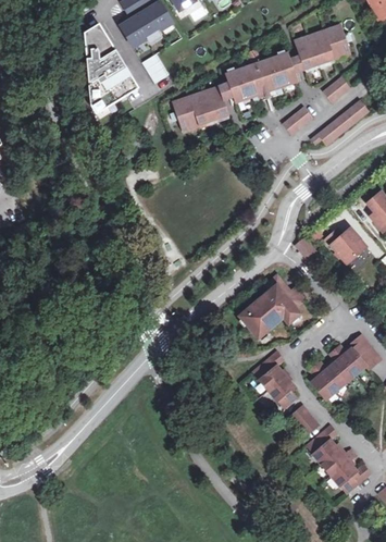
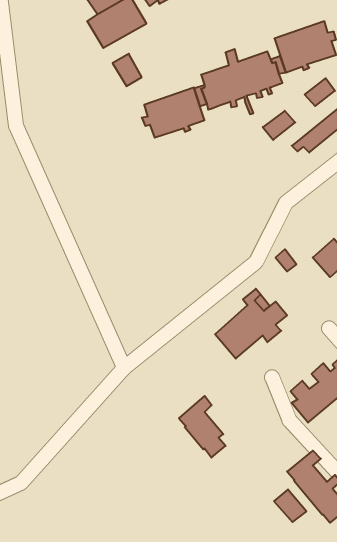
building: [85,24,140,115] -> none
building: [252,349,296,407] -> [179,396,226,458]
building: [288,403,319,433] -> [274,489,306,522]

